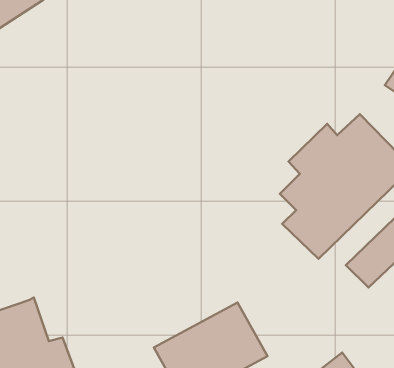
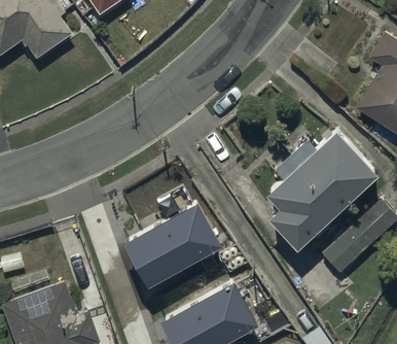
building: none -> [128,206,221,288]

